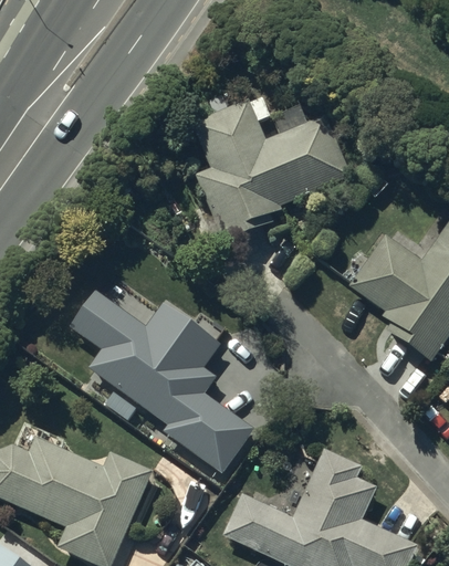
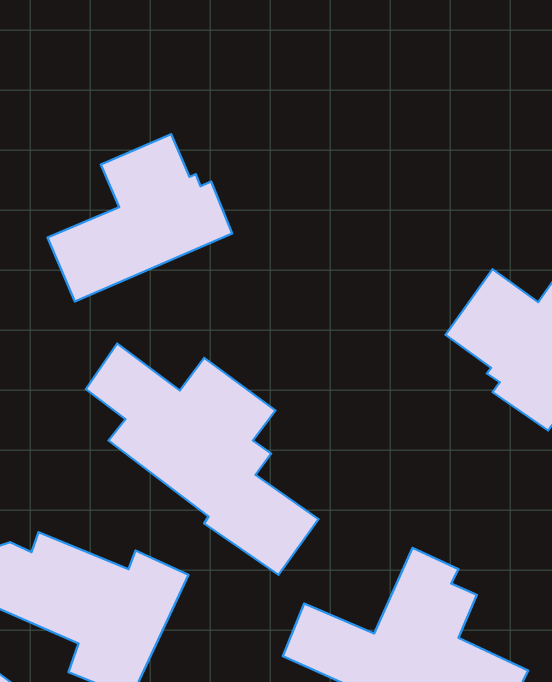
building: [194,98,347,243] -> none
building: none -> [48,134,232,302]

